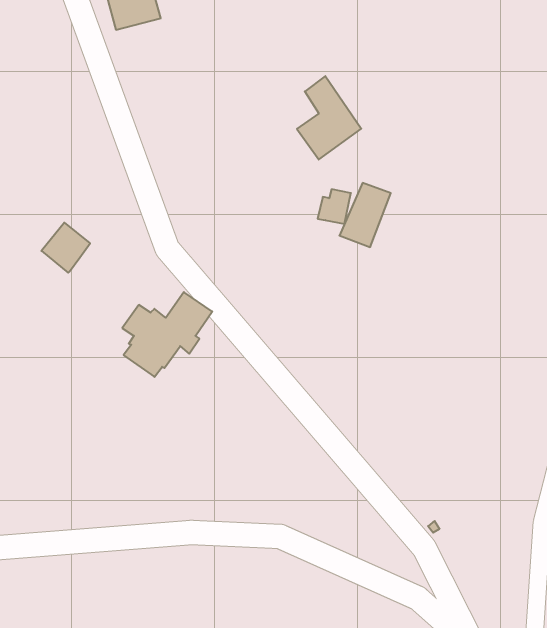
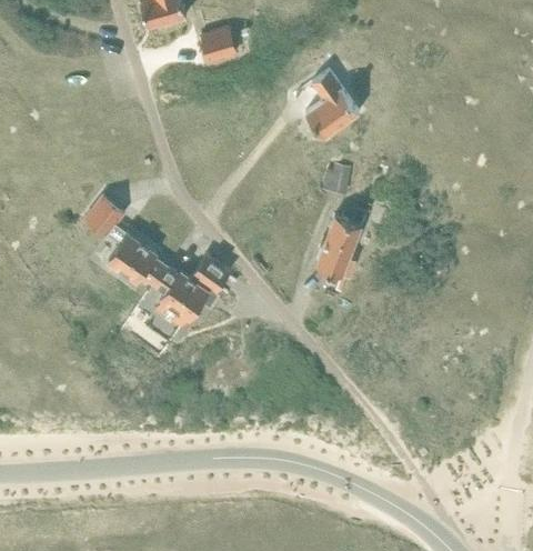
building: none -> [199,28,237,64]
building: [339,183,391,247] -> [315,219,360,274]
building: none -> [104,226,167,287]

